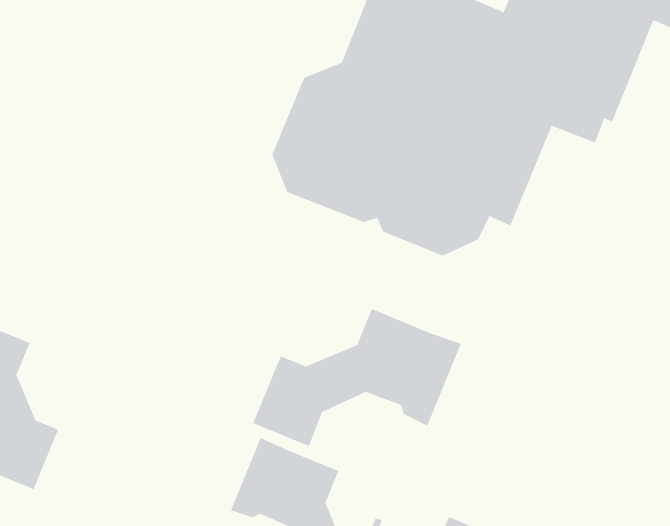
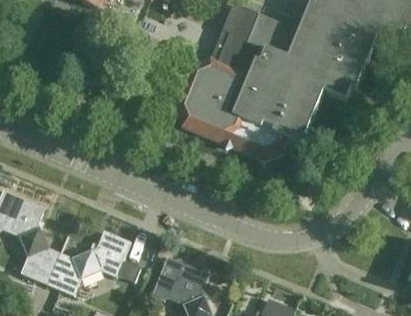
building: [252,308,461,447] -> none
building: none -> [47,230,140,296]

